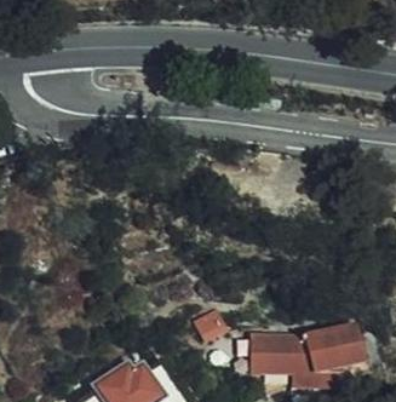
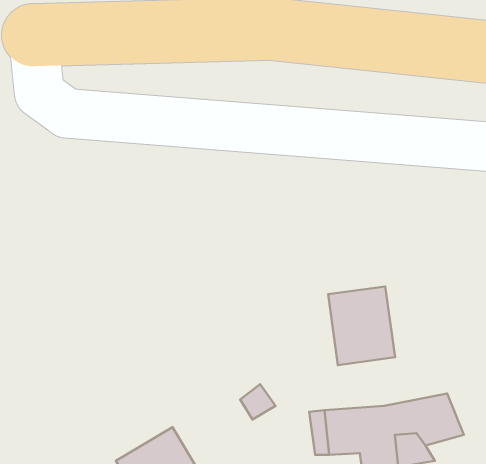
building: none -> [328,286,395,365]

